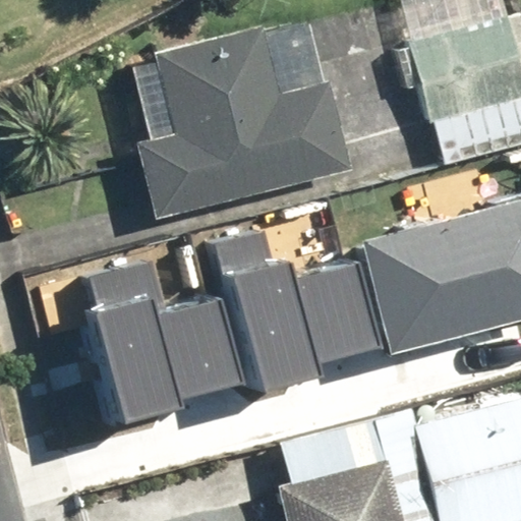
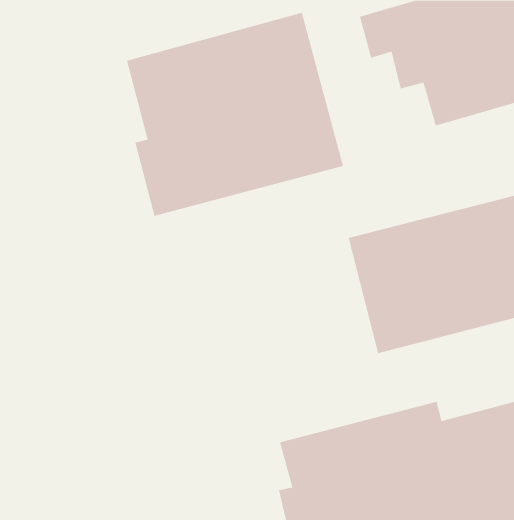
building: [211,235,369,393] -> none
building: [70,267,230,424] -> none

